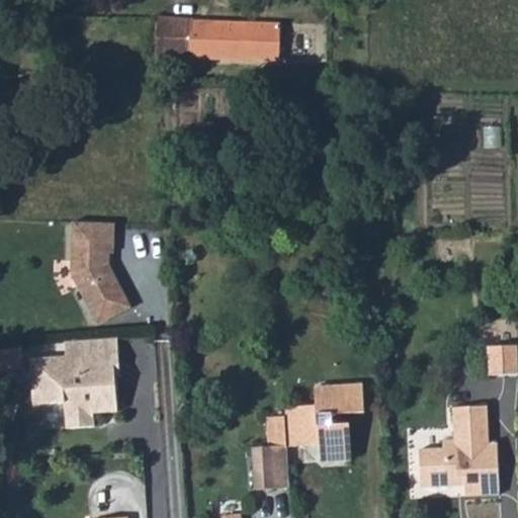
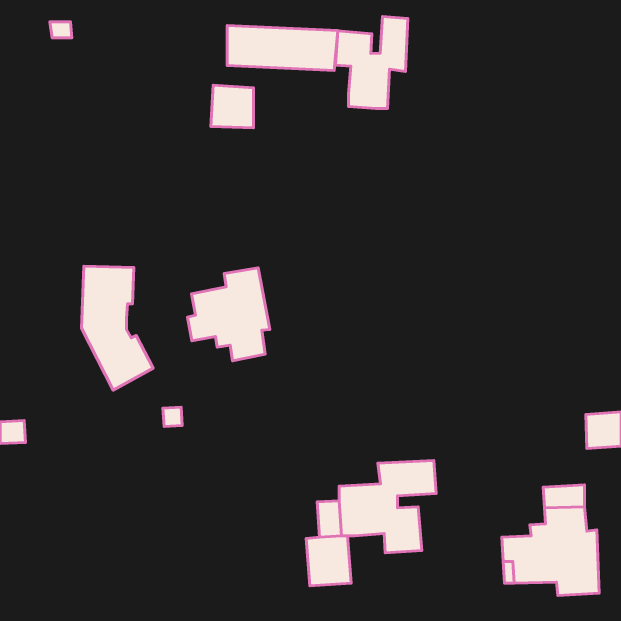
building: none -> [336,17,408,108]
building: [154,19,189,55] -> [211,85,253,128]
building: none -> [187,268,270,361]
building: [27,346,116,431] -> none

